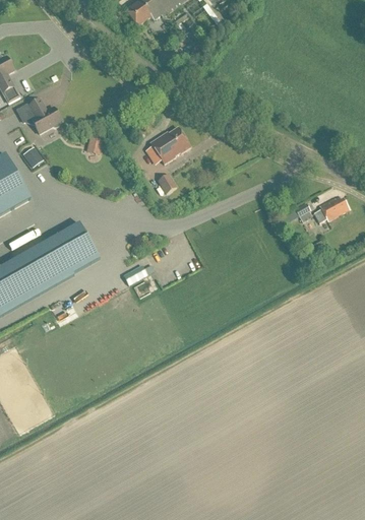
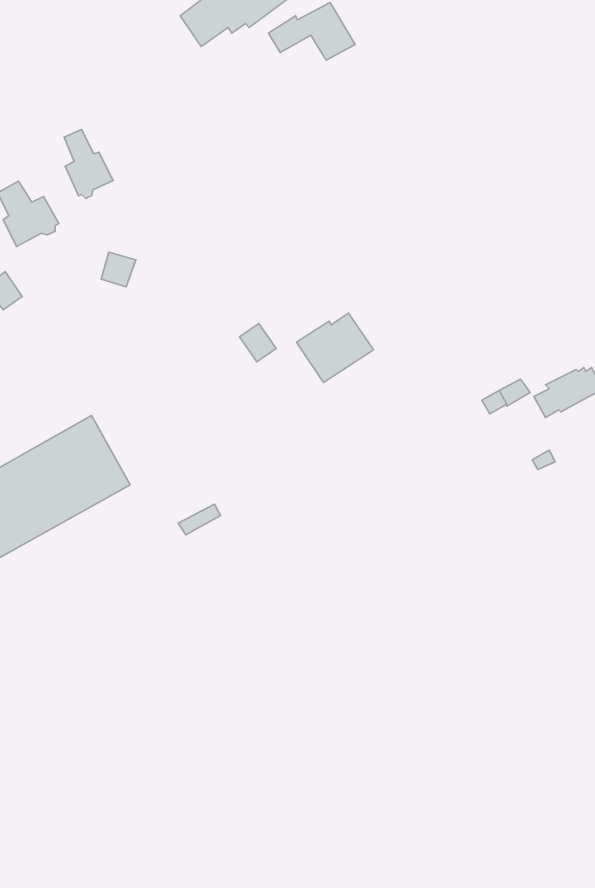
building: none -> [64,130,113,198]
building: [150,126,191,162] -> [297,313,374,383]

